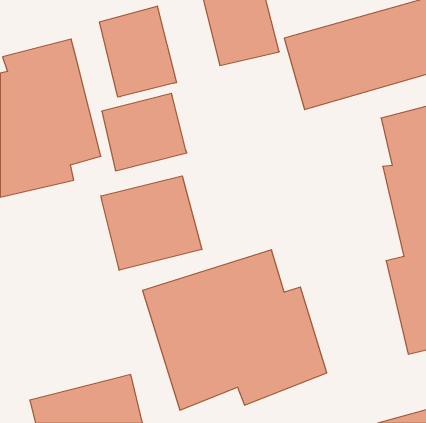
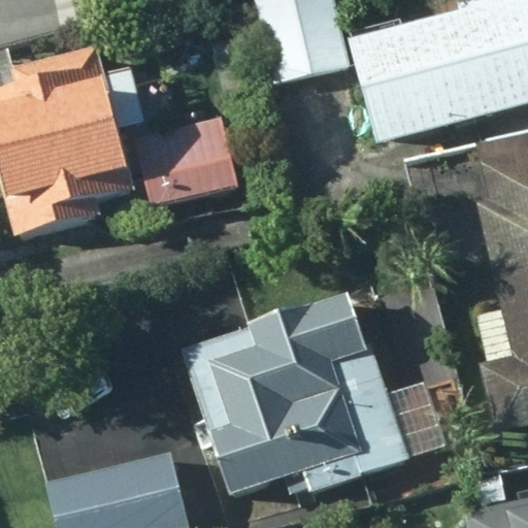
building: [100,6,176,97] -> none
building: [101,176,202,270] -> none

